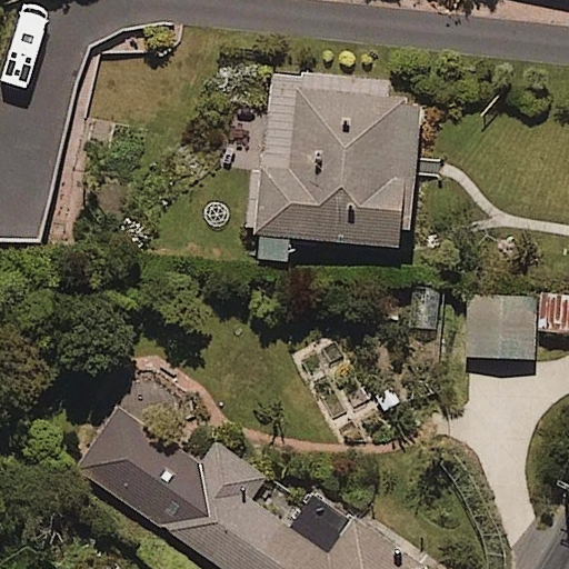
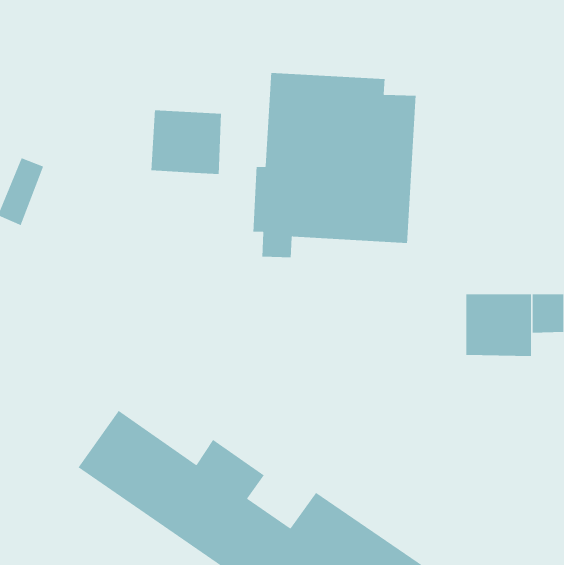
building: none -> [151,109,222,175]

